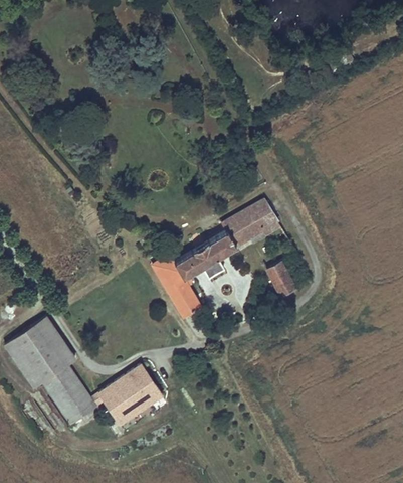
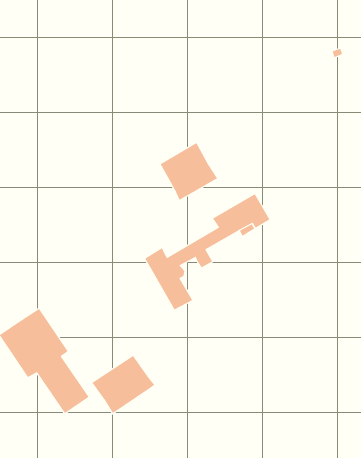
building: none -> [160,142,218,201]
building: [264,263,294,298] -> none

